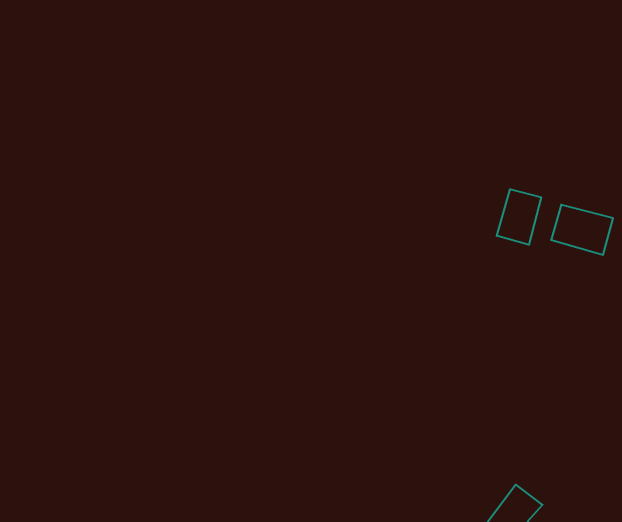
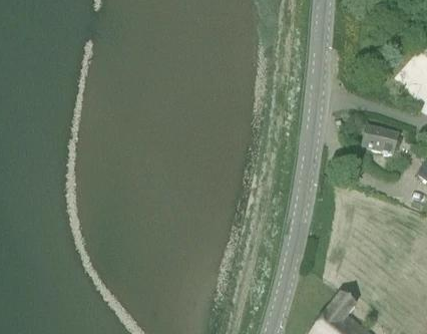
building: [497,189,541,245] -> none

